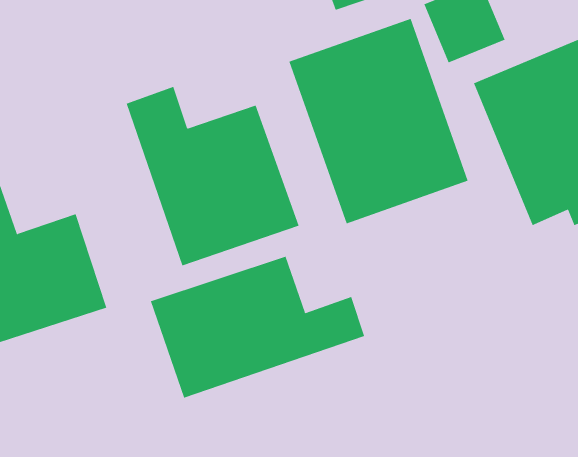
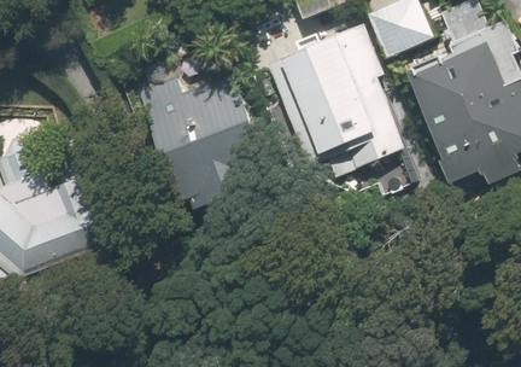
building: [150,256,365,398] -> none

